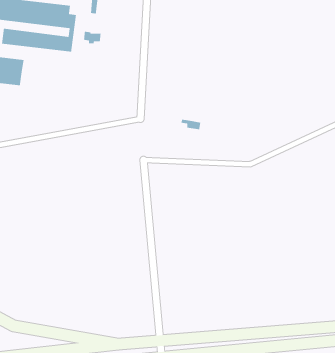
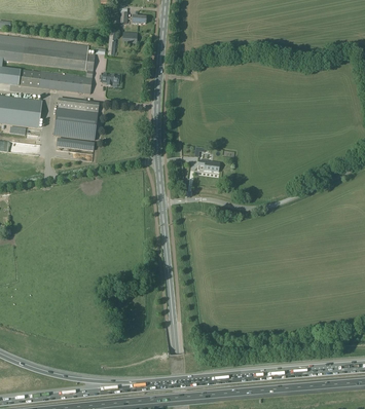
building: none -> [53,100,99,141]

